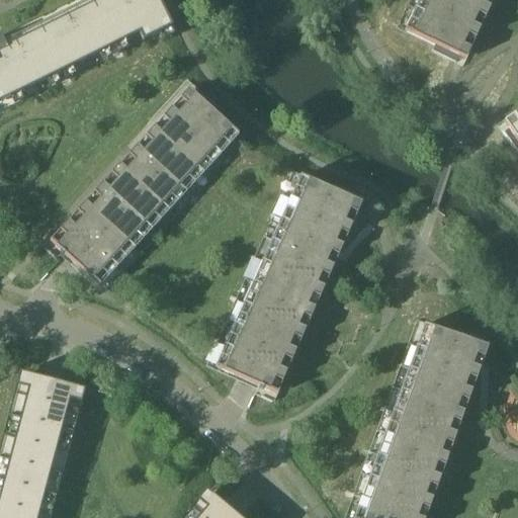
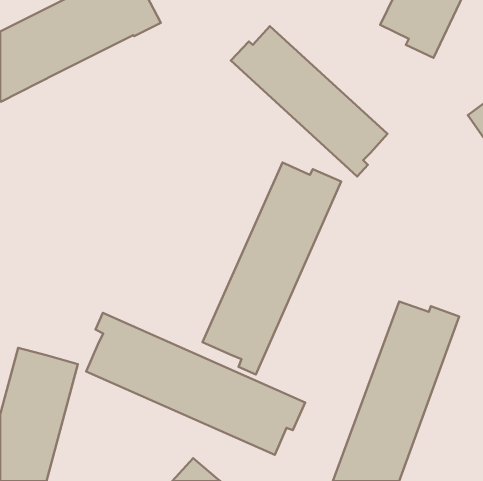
building: none -> [231,26,388,177]
building: [48,82,240,282] -> none
building: none -> [86,313,305,455]

